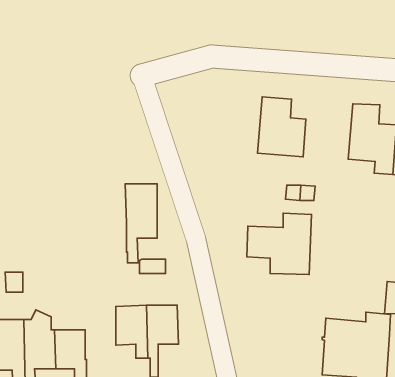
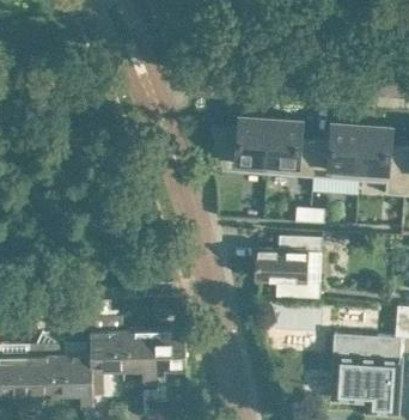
building: none -> [210,115,271,175]
building: none -> [313,122,364,181]
building: [125,184,157,263] -> [91,315,123,395]

